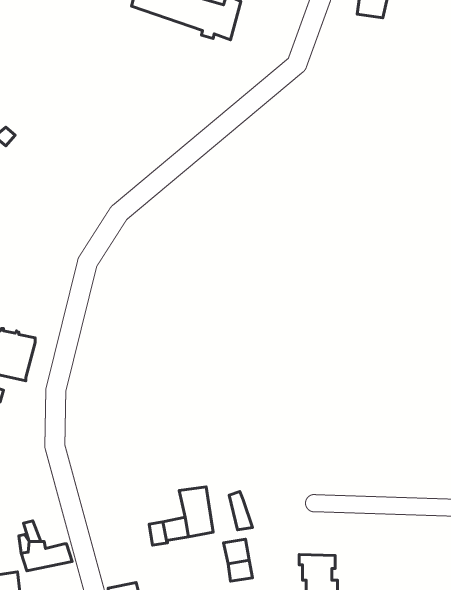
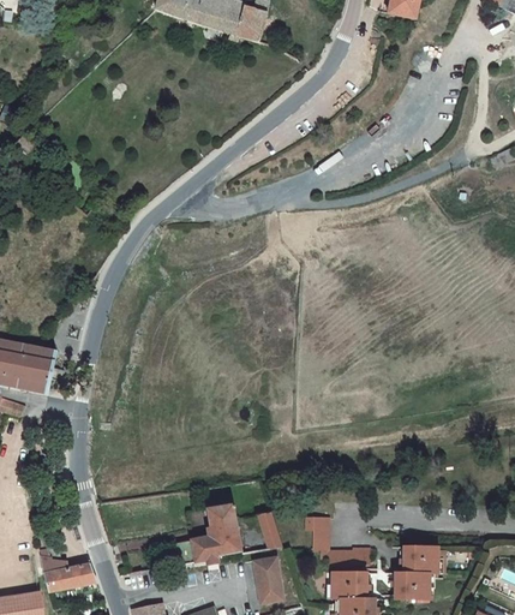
building: none -> [306,519,371,567]
building: none -> [385,549,432,602]

